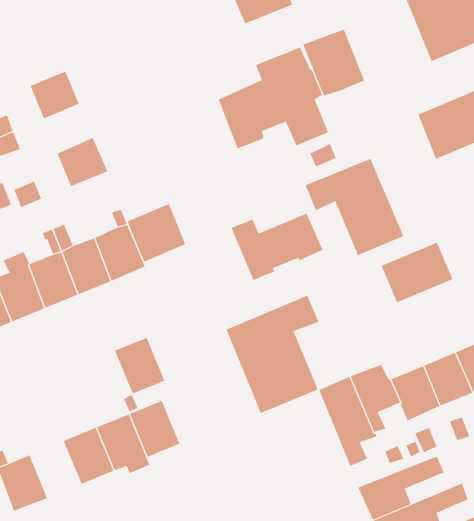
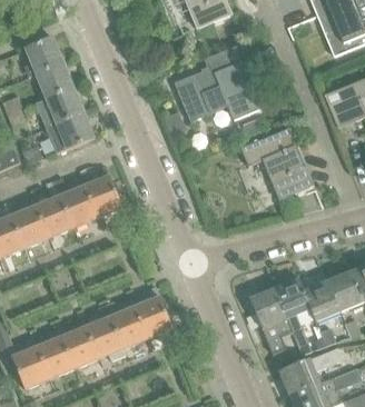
building: [303,29,365,96] -> none
building: none -> [24,39,62,78]
building: none -> [34,88,82,128]
building: [128,203,186,262] -> none
building: [231,213,323,281] -> none
building: [381,242,453,303] -> none
building: [226,295,319,414] -> none
building: [114,337,165,394] -> [134,297,171,339]
building: none -> [36,337,73,379]

